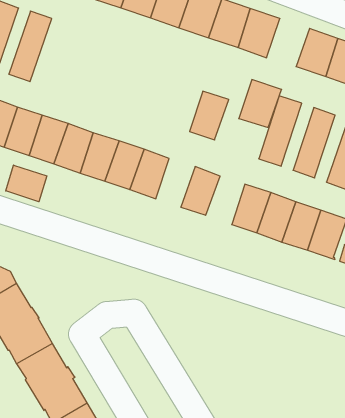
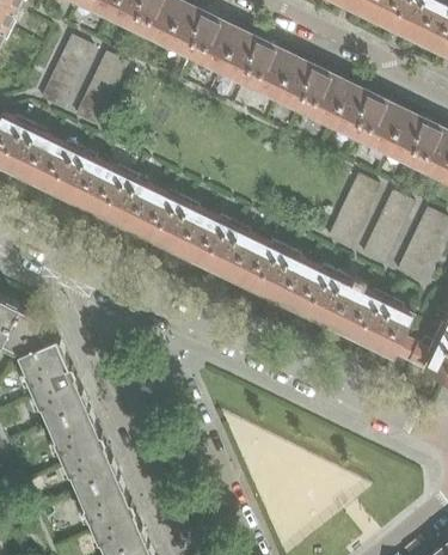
building: [239,80,282,127] -> [348,94,397,147]
building: [190,91,229,140] -> [213,227,258,280]
building: [6,165,47,202] -> none
building: none -> [263,252,308,305]

